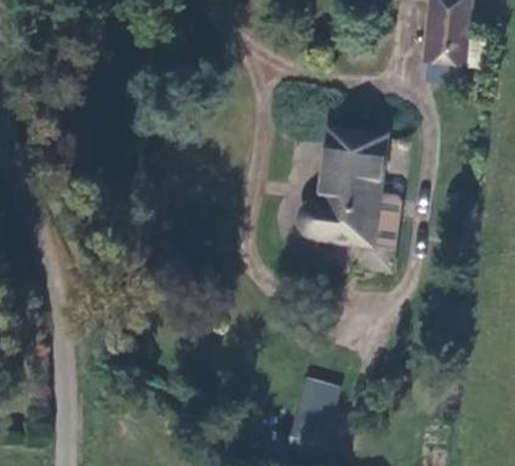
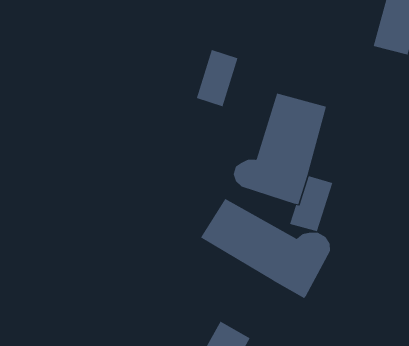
building: none -> [196,49,238,107]
building: none -> [200,198,331,299]

